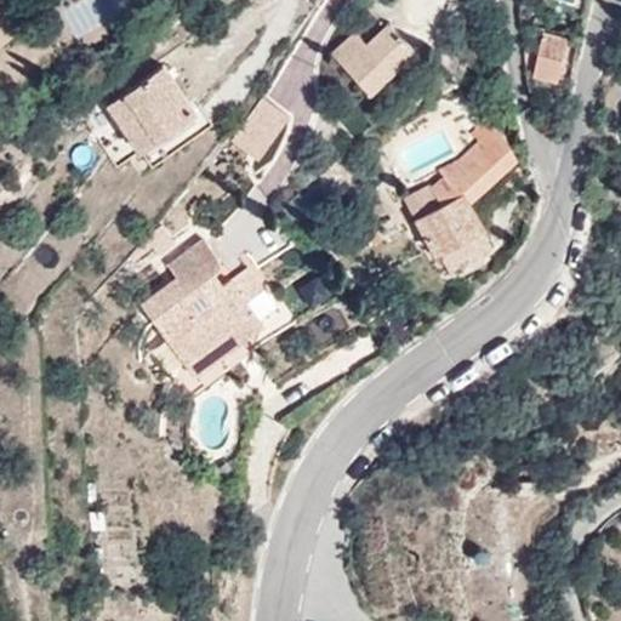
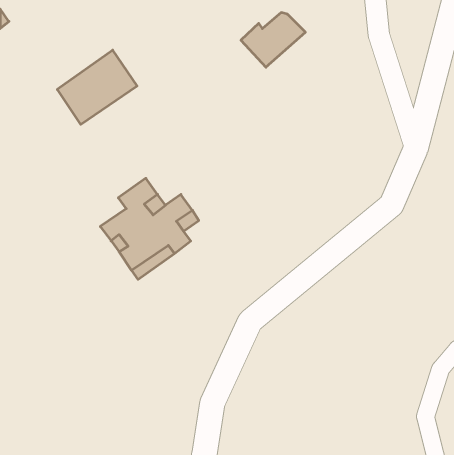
building: [531,35,569,76] -> none
building: [403,123,515,272] -> none

